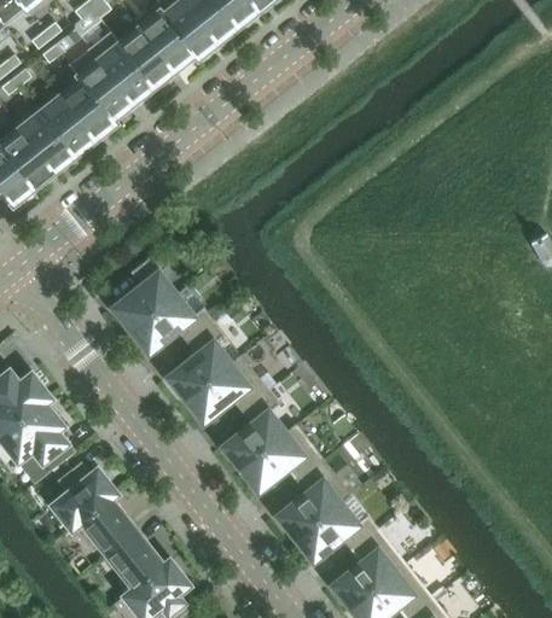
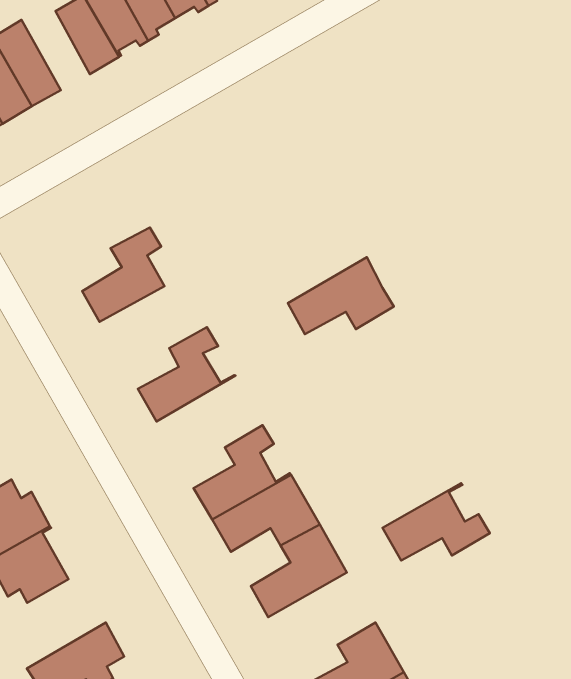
building: [34,95,93,156] -> none
building: [129,295,213,352] -> none
building: [185,355,267,421] -> [288,257,394,334]
building: [294,494,377,560] -> [382,483,490,560]
building: [106,531,169,605] -> none

